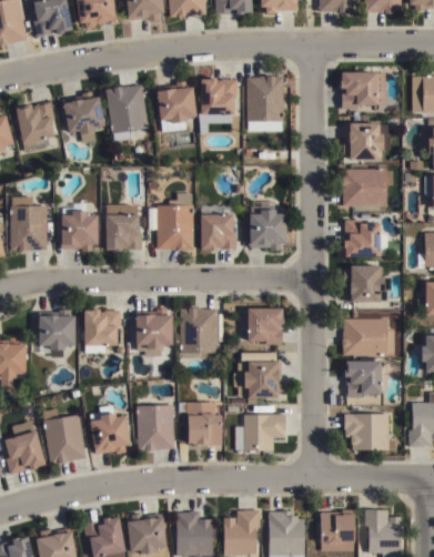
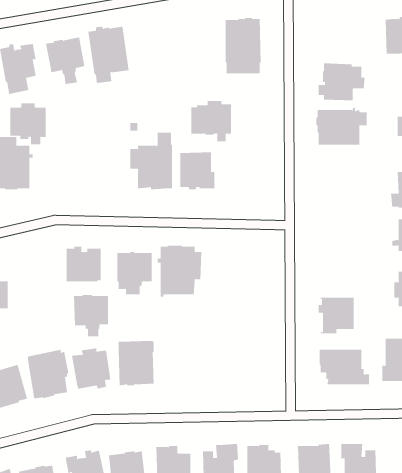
building: [339,68,385,108] -> none
building: [200,73,238,111] -> none
building: [157,83,196,120] -> none
building: [60,207,98,251] -> [10,103,46,145]
building: [244,207,286,250] -> [191,100,232,142]
building: [104,212,142,250] -> none
building: [342,219,380,254] -> none
building: [342,263,386,302] -> none
building: [248,305,285,344] -> none
building: [37,313,73,356] -> [73,295,109,337]
building: [341,317,394,355] -> none
building: [233,359,285,401] -> none
building: [188,412,222,446] -> none
building: [235,413,285,450] -> none

